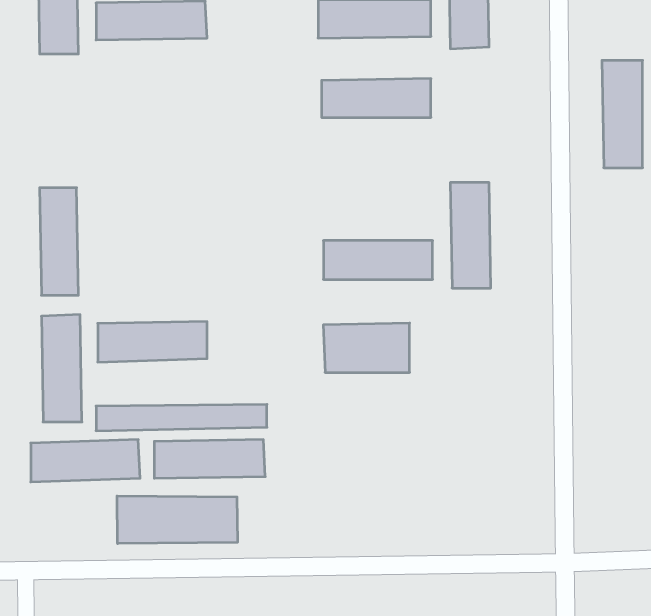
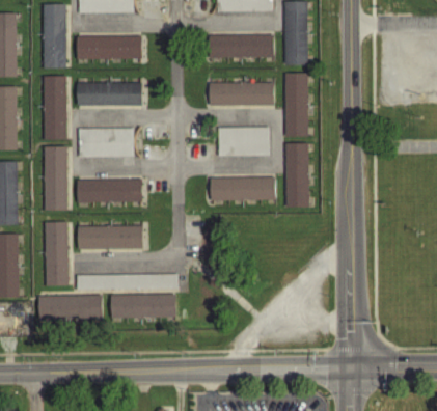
building: [602,60,643,168] -> [284,73,308,136]
building: none -> [44,76,66,139]
building: none -> [77,83,142,106]
building: none -> [79,128,134,157]
building: none -> [77,180,142,202]
building: [323,323,410,372] -> [218,127,269,156]
building: [117,496,237,544] -> none

